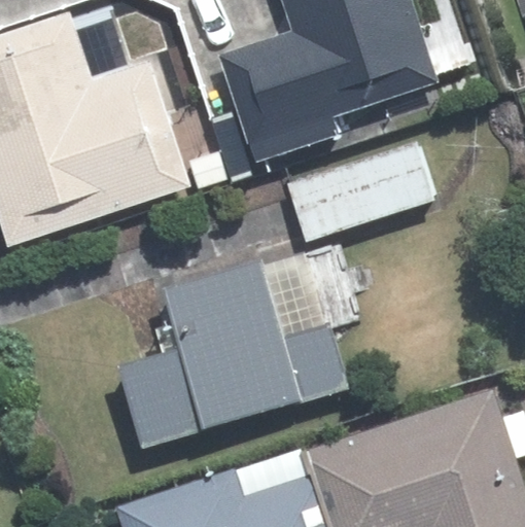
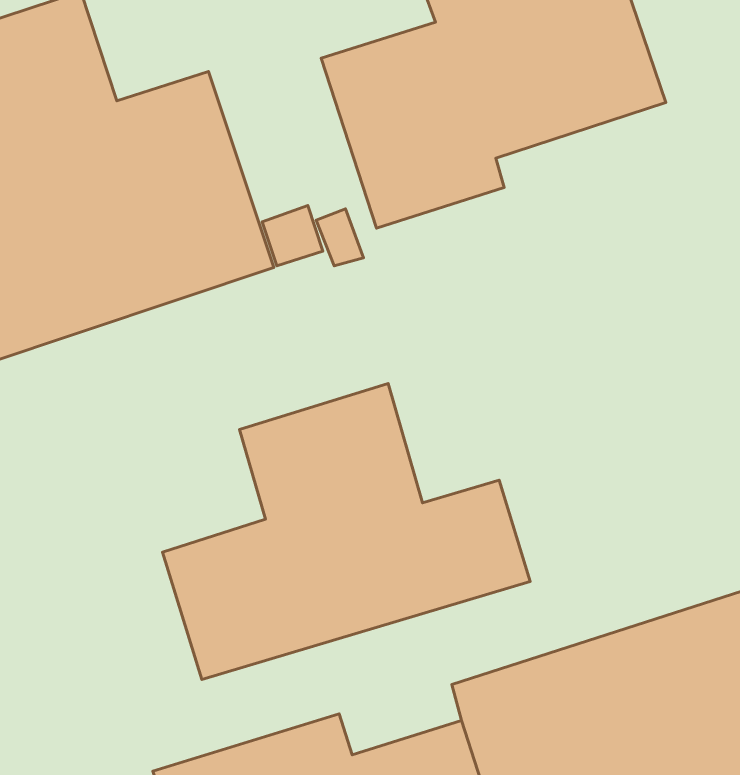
building: [286,143,434,242] -> none

